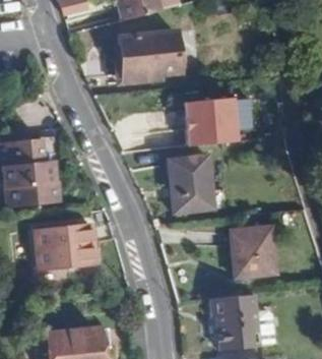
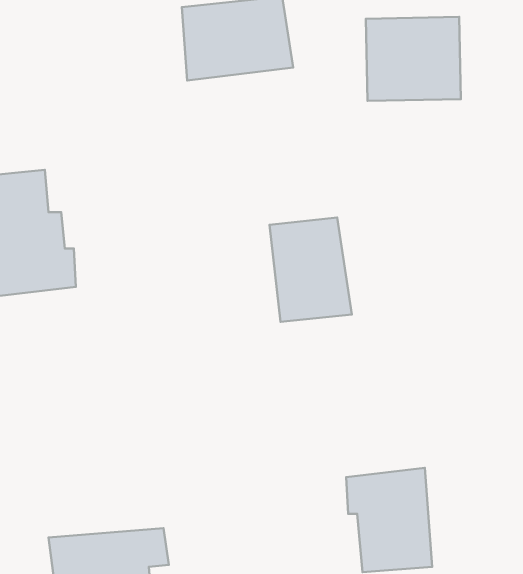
building: [182,99,235,145] -> [366,17,461,101]
building: [38,224,95,267] -> none
building: [231,225,276,276] -> none

